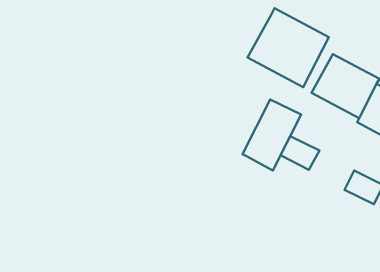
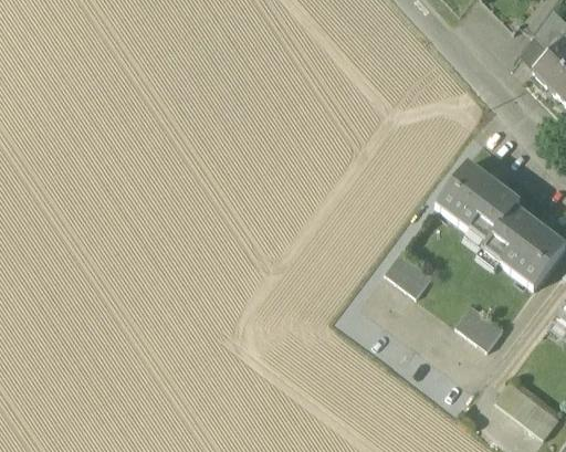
building: [248,8,329,87] -> none
building: [242,100,301,170] -> none

